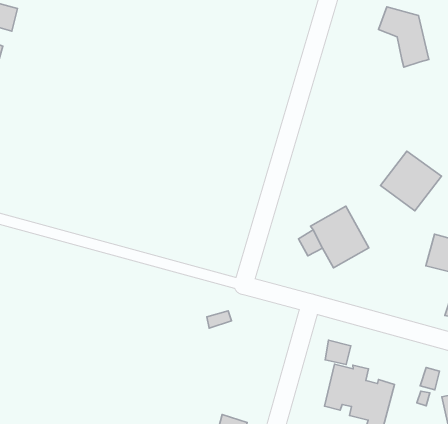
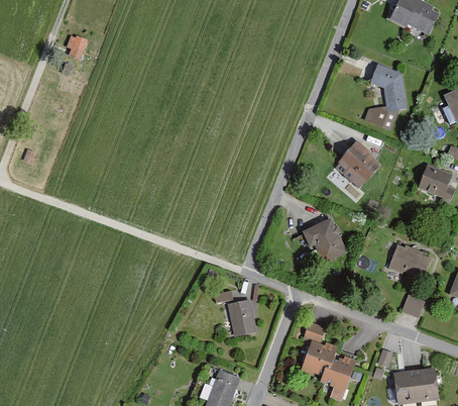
building: none -> [364,106,399,131]
building: [380,151,441,211] -> [333,140,381,188]
building: none -> [227,299,256,336]

